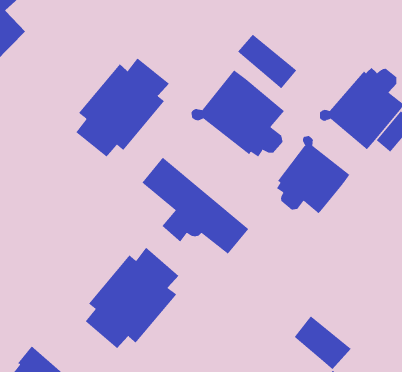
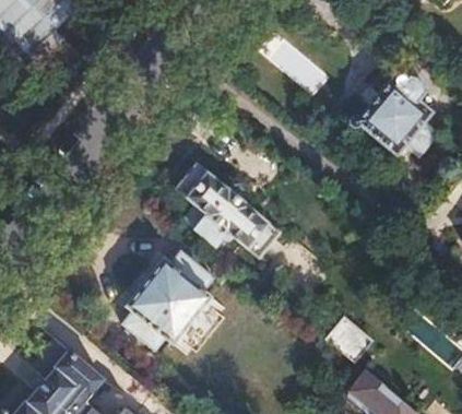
building: [75,57,170,158] -> none
building: [191,69,285,157] -> none
building: [276,135,350,214] -> none

